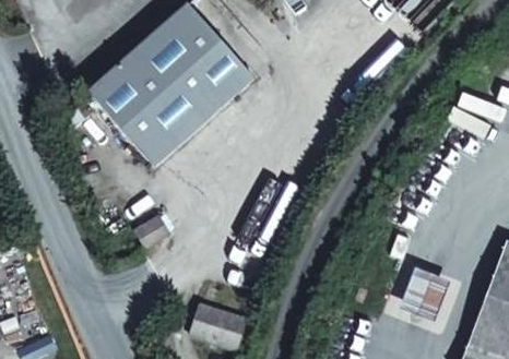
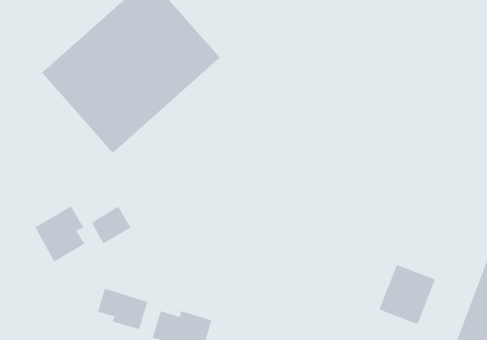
building: none -> [35,205,85,263]
building: none -> [97,288,148,330]

